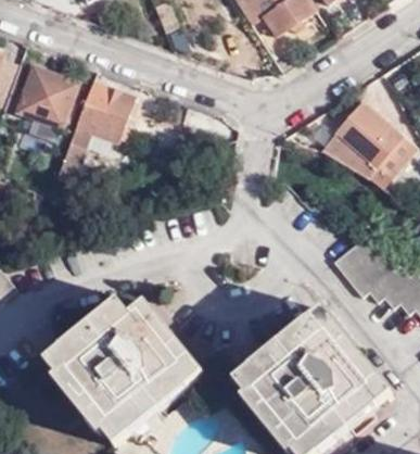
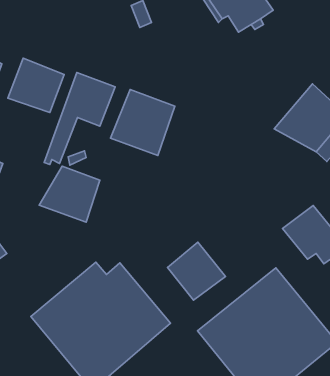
building: none -> [111,90,175,155]
building: none -> [39,166,100,222]
building: none -> [167,242,226,300]

